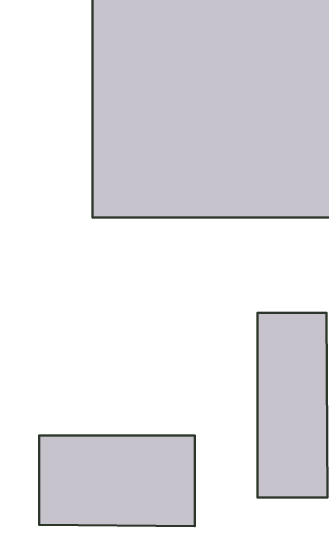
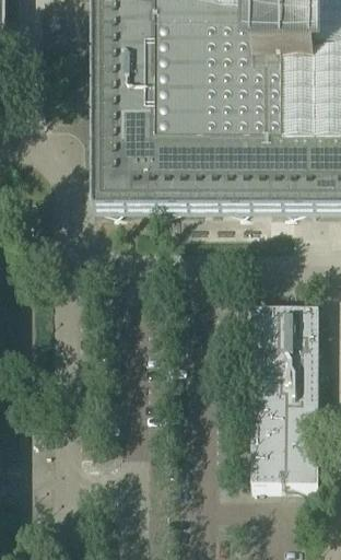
building: [39,435,195,526] -> none

